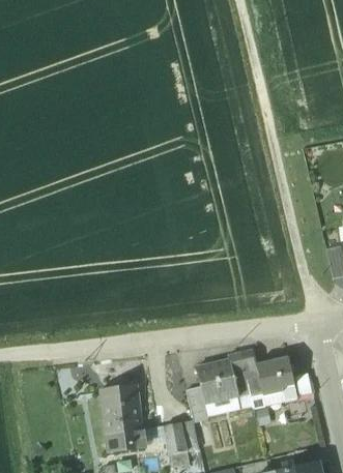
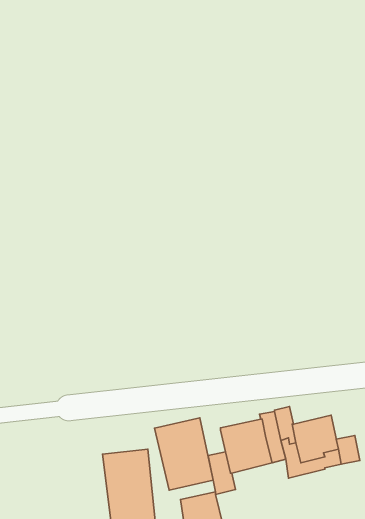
building: none -> [155,418,213,490]

